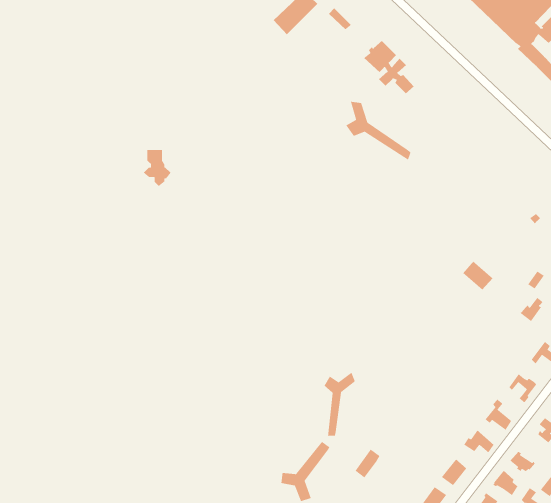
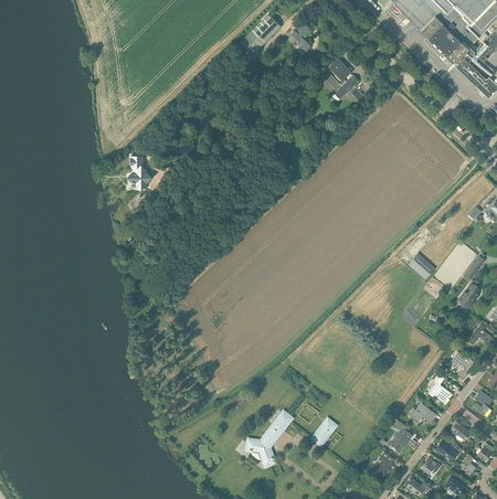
building: [345,101,412,161] -> none
building: [323,371,356,437] -> none

